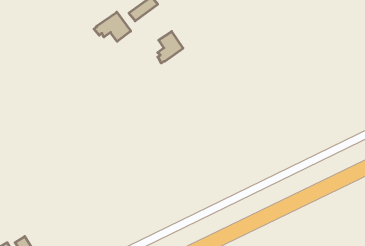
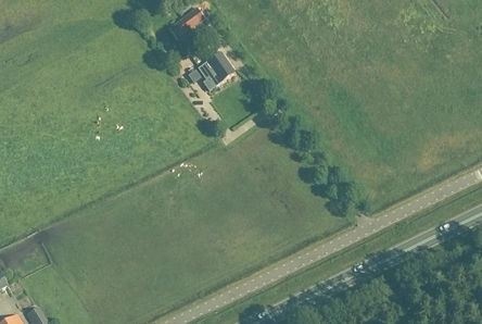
building: [94,12,131,41] -> none

